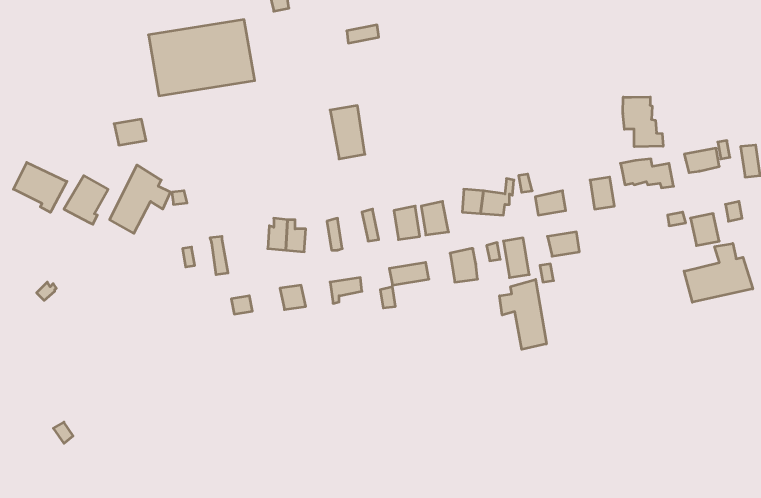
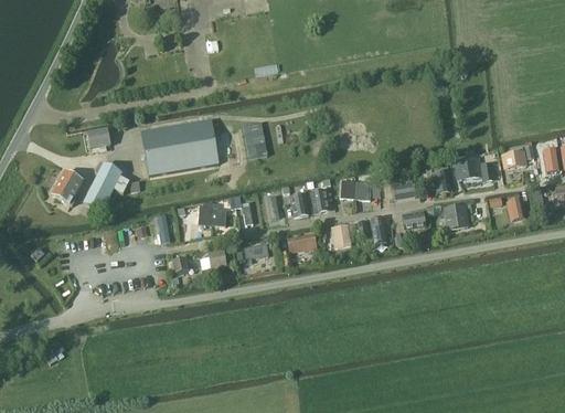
building: [148,20,255,96] -> [141,119,218,174]
building: [623,97,663,147] -> none
building: [13,162,67,212] -> none
building: none -> [444,204,468,229]
building: [684,243,753,302] -> none
building: [500,279,546,349] -> none

